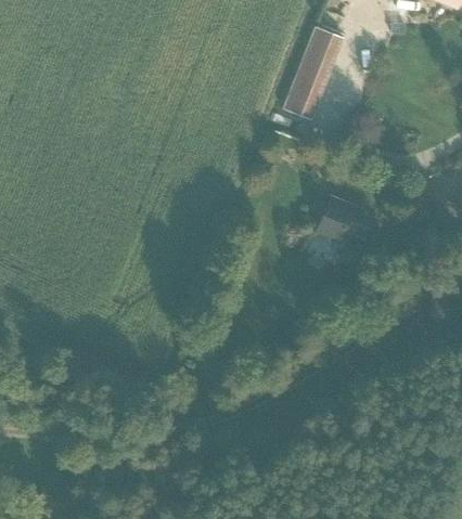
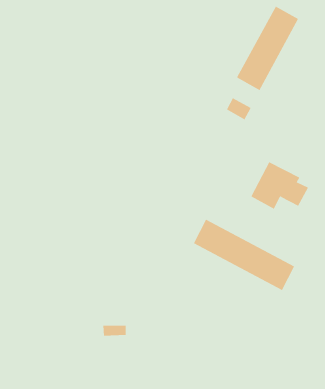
building: none -> [193,219,295,291]

